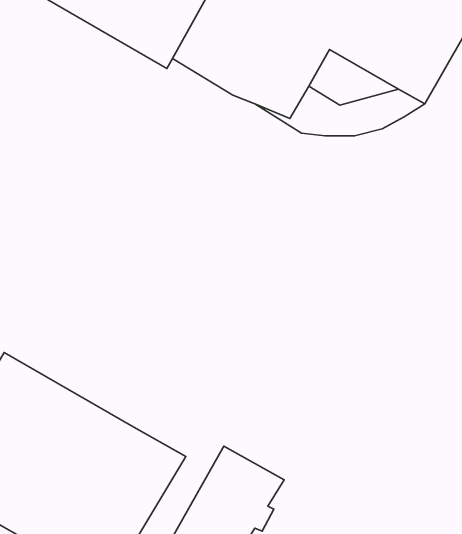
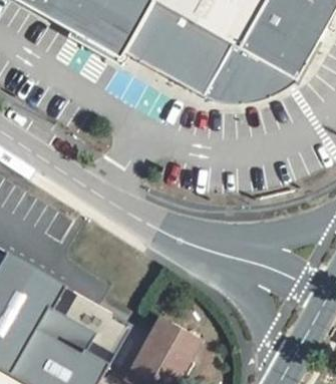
building: none -> [216,45,277,83]

